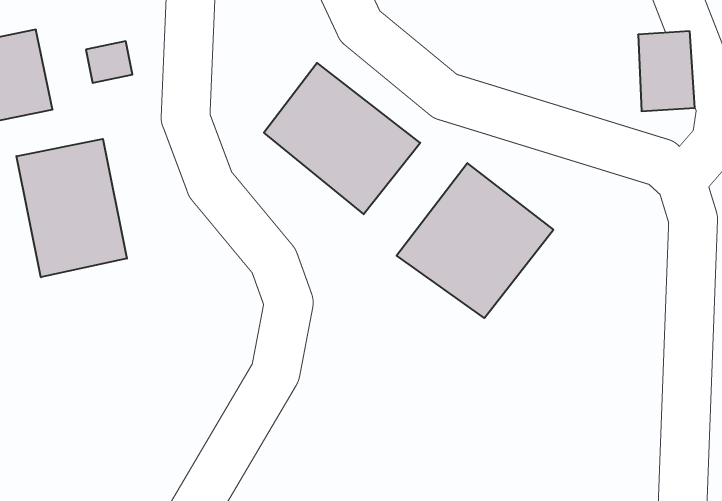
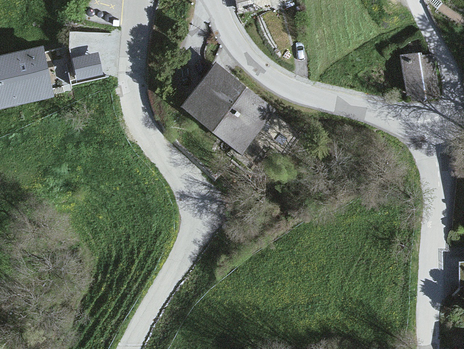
building: [16,139,127,277] -> none
building: [397,163,553,318] -> none

